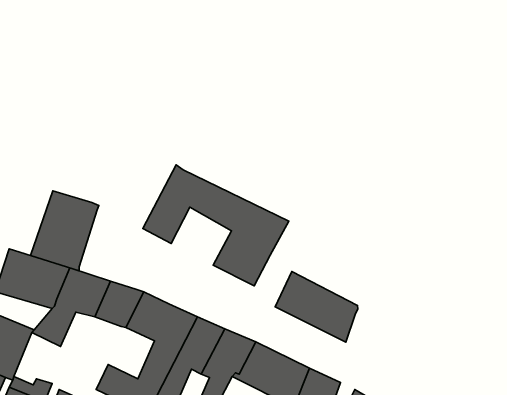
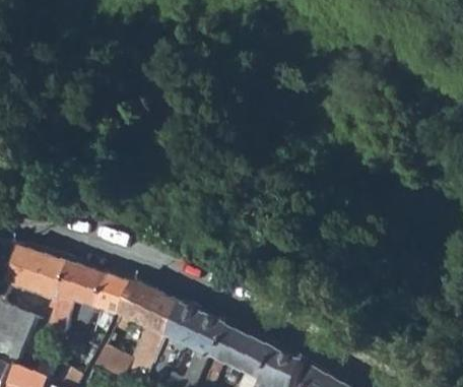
building: [143,165,289,286] -> none
building: [31,191,99,271] -> none
building: [275,272,358,342] -> none

